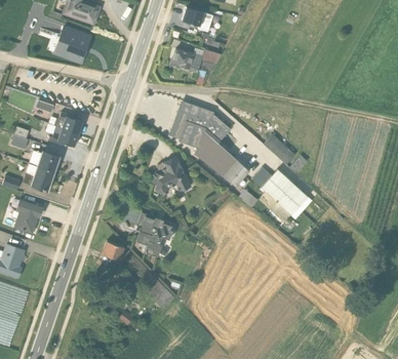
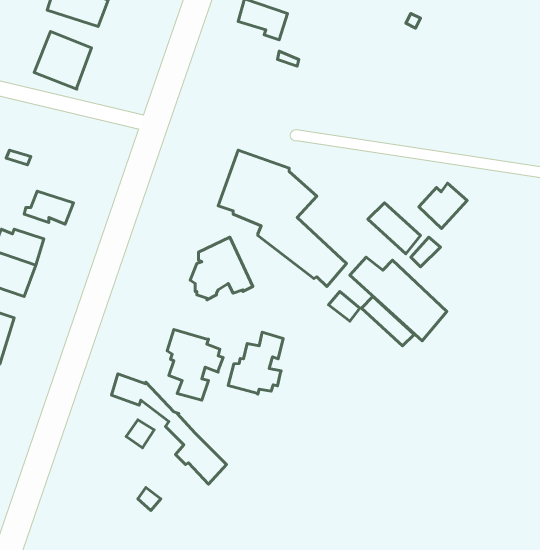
building: [172,48,221,84] -> none
building: [49,112,83,133] -> none
building: none -> [419,183,467,229]
building: none -> [228,332,283,394]

